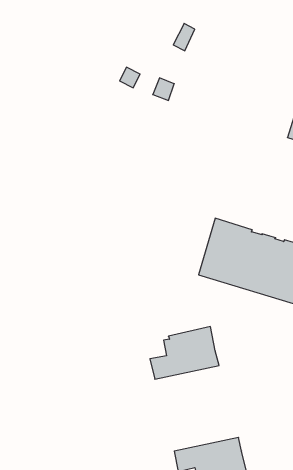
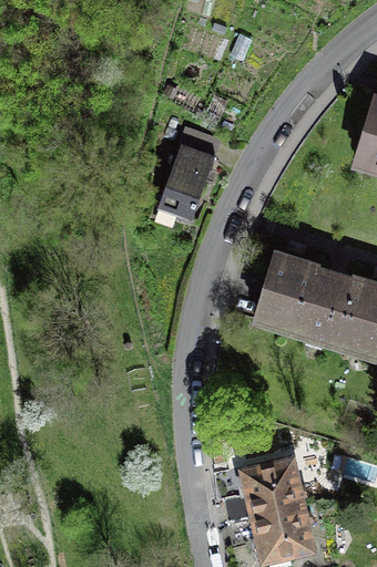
building: none -> [160,142,216,218]
building: [150,327,219,379] -> [224,460,303,519]

